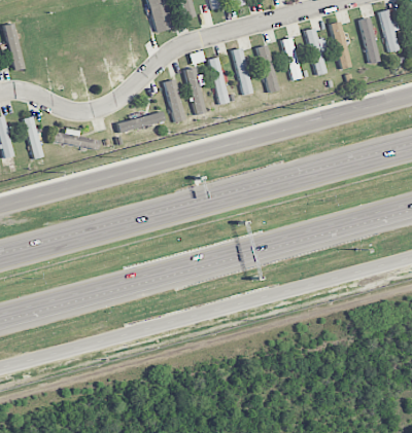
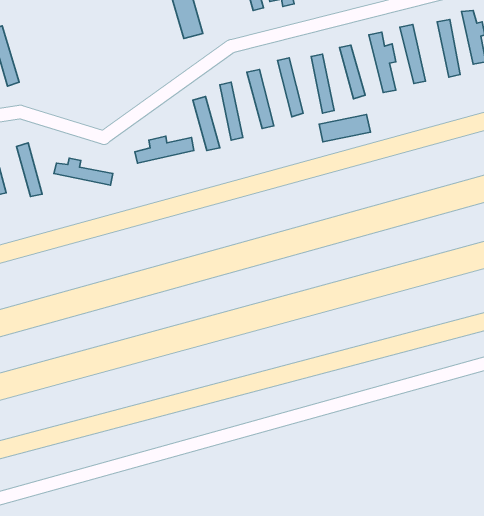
building: none -> [319,115,370,142]

